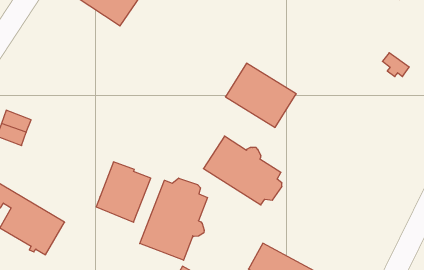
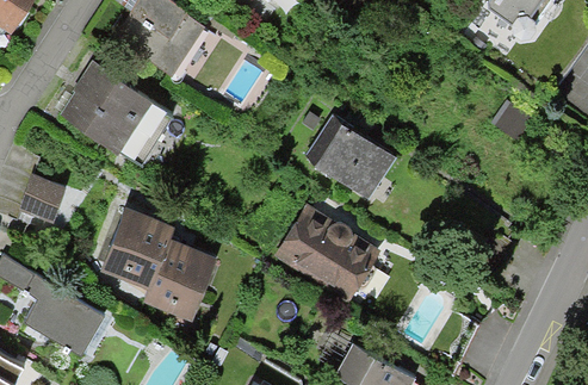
building: none -> [62,64,172,163]
building: none -> [104,212,173,285]
building: [140,178,208,260] -> none

